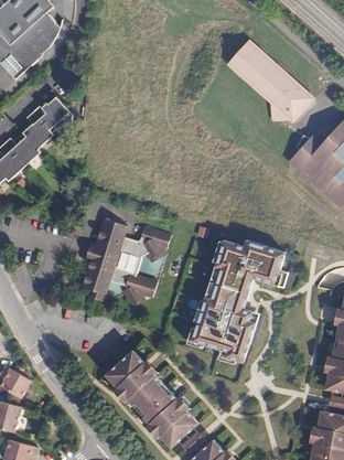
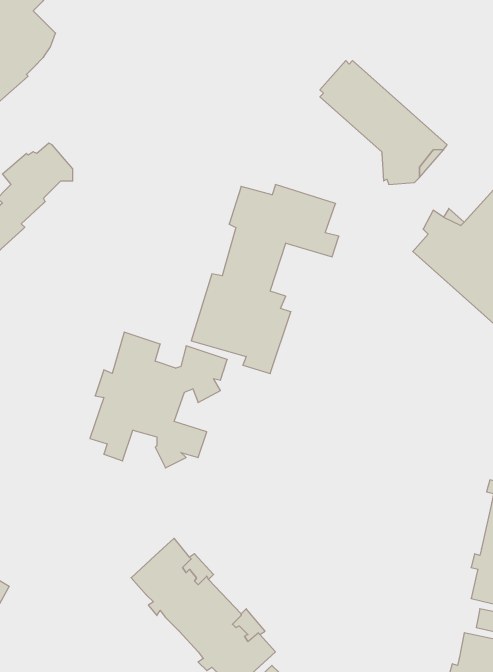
building: [193,239,288,361] -> [191,185,339,374]

